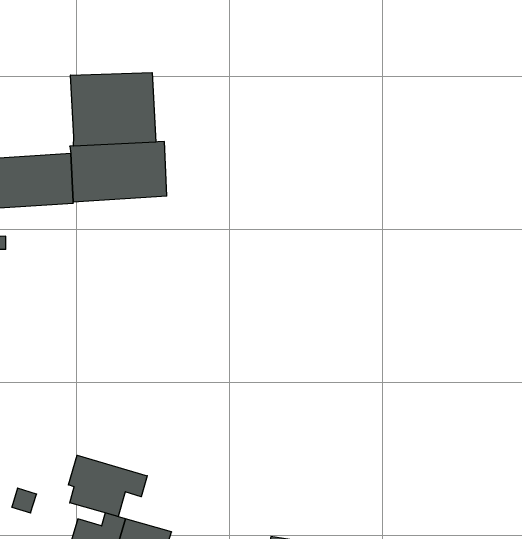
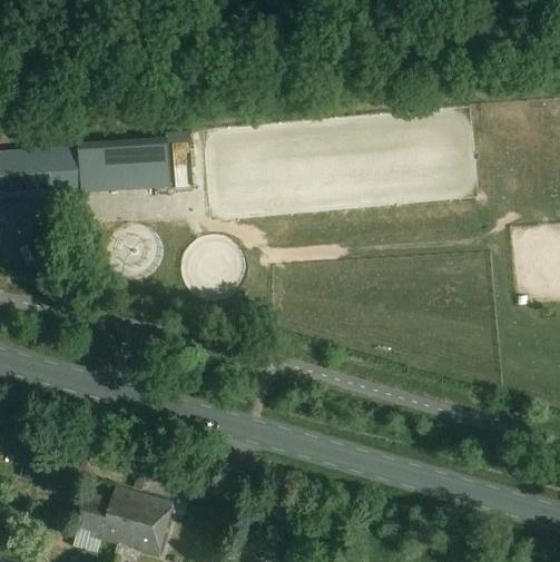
building: [71,73,156,146] -> none
building: [68,455,147,517] -> none

